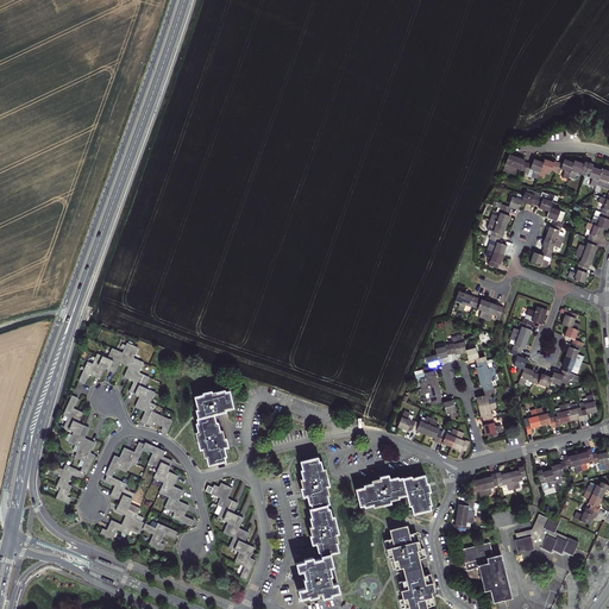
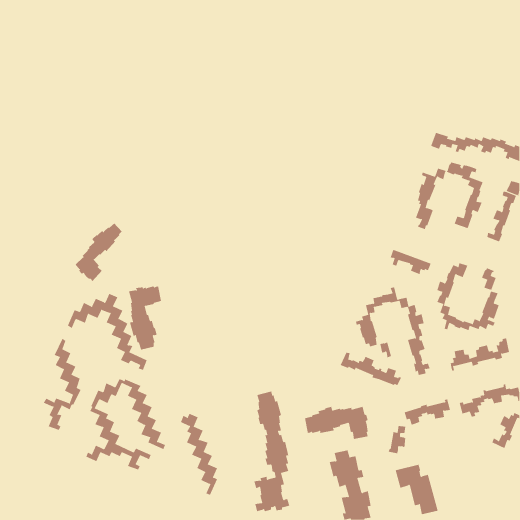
building: none -> [75,222,123,282]
building: [194,390,233,465] -> [128,286,162,350]
building: [515,514,579,555] -> none

